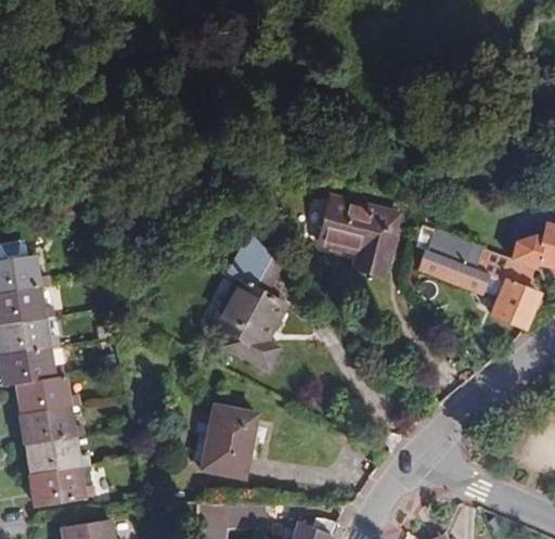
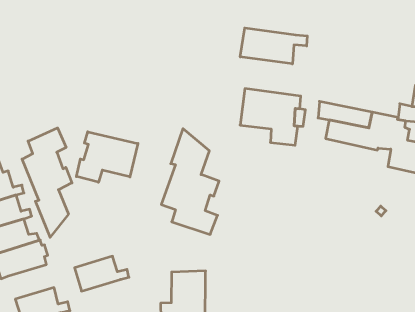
building: none -> [240,28,307,64]
building: none -> [22,128,72,237]
building: none -> [76,132,138,182]
building: [16,376,80,413] -> [75,256,129,291]

